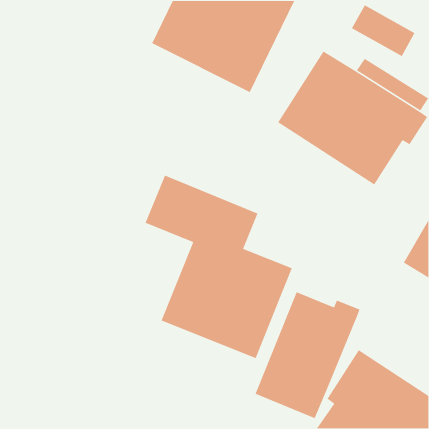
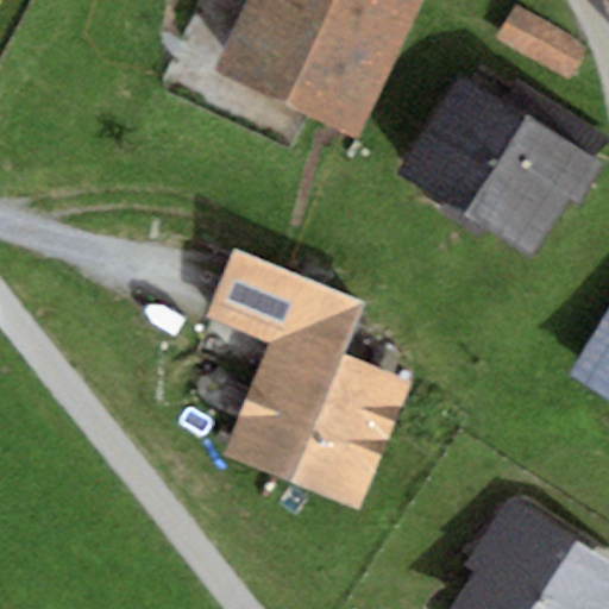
building: [255,291,361,419] -> none

